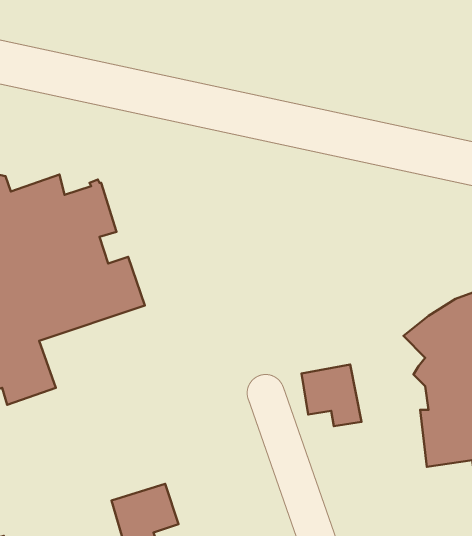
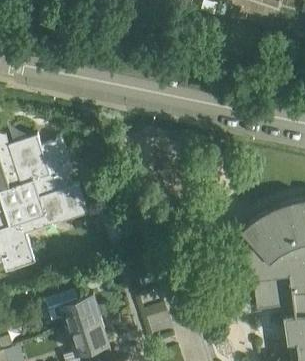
building: [301,365,361,426] -> none
building: none -> [47,290,100,331]

